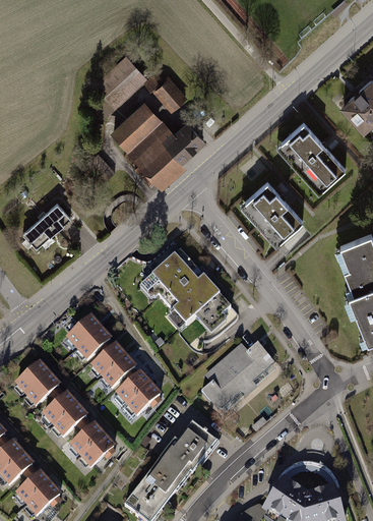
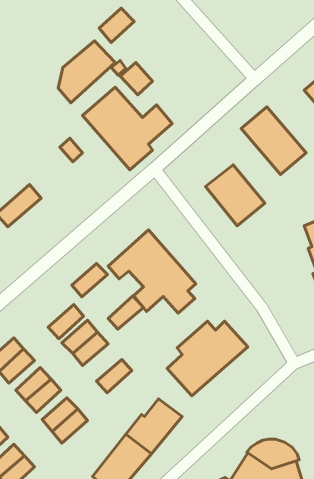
building: none -> [99,8,134,43]
building: [66,315,103,350] -> [72,264,107,297]
building: [116,371,152,406] -> [108,296,144,329]

